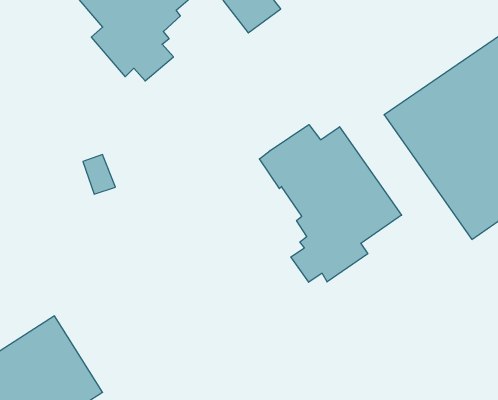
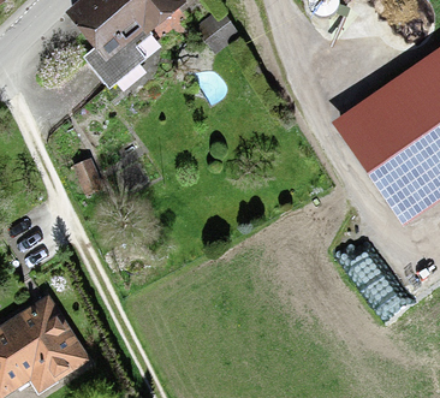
building: [259,125,402,282] -> none

